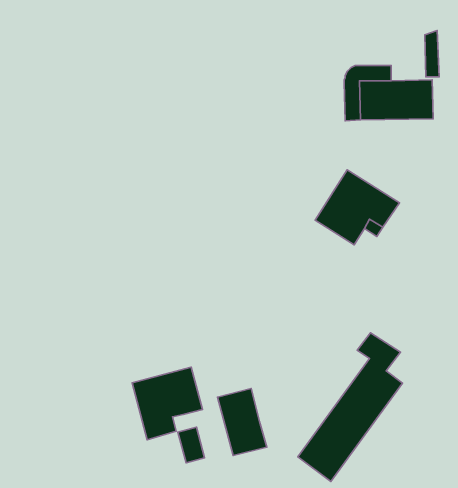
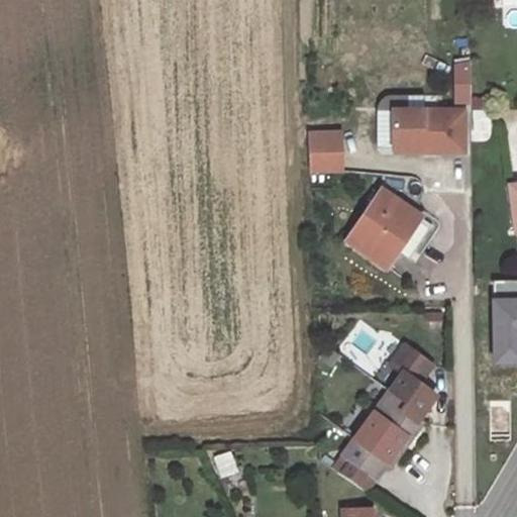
building: none -> [308,132,339,169]
building: [132,367,202,440] -> none
building: [218,389,267,456] -> none

